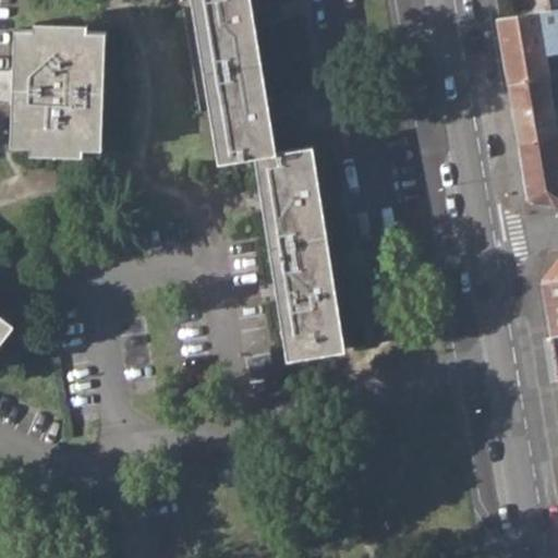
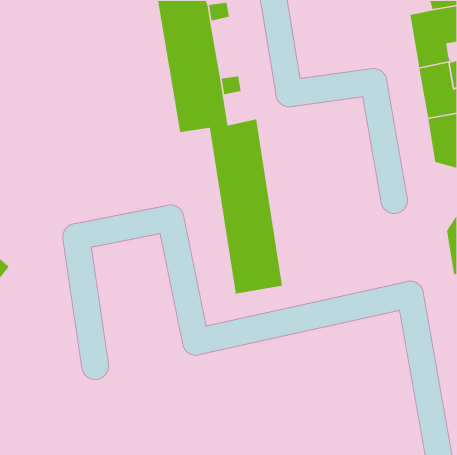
building: [9,26,105,159] -> none

